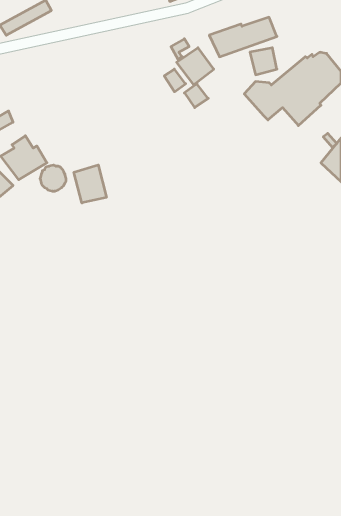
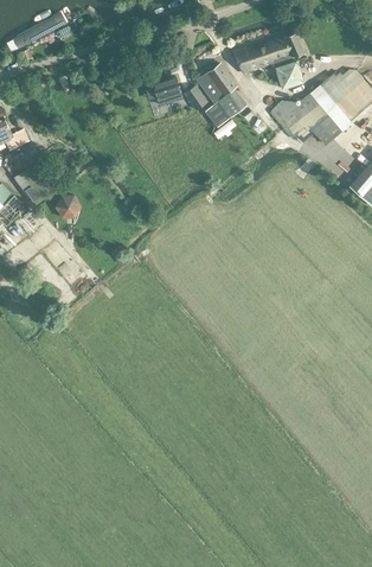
building: none -> [154,77,182,104]
building: [74,165,106,203] -> none

